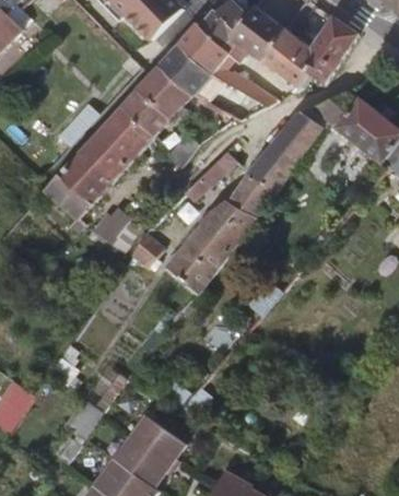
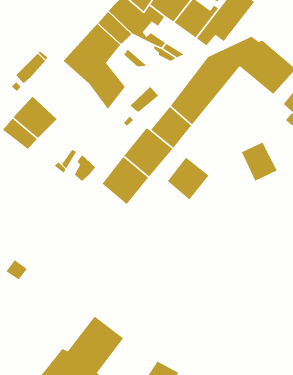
building: [81,111,149,182] -> none
building: none -> [241,141,278,182]
building: none -> [167,156,209,200]

